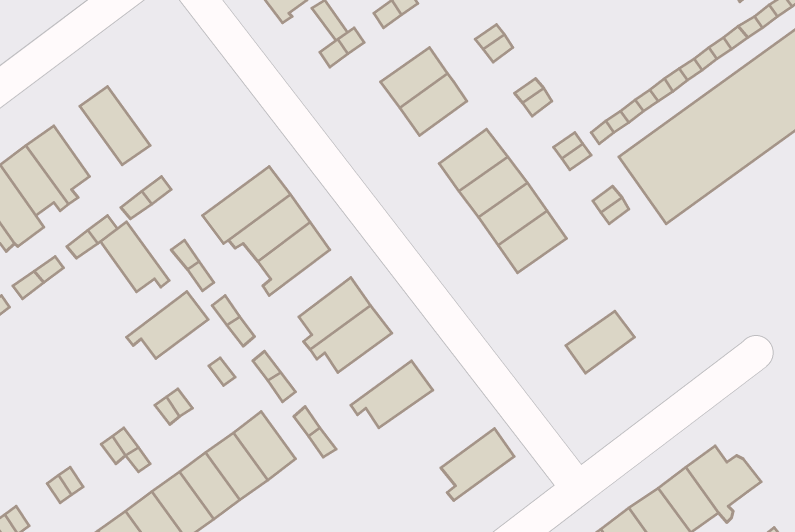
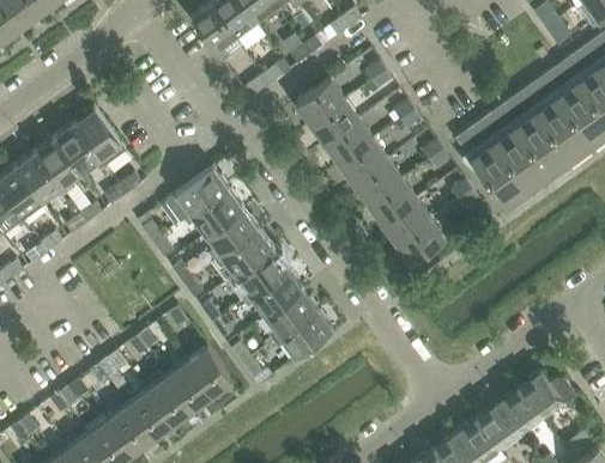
building: none -> [323,117,373,163]
building: [100,222,169,292] -> [55,121,105,172]
building: [127,292,208,359] -> [213,226,273,275]
building: [566,311,635,373] -> [395,218,446,263]
building: [441,429,514,500] -> [264,287,317,340]

